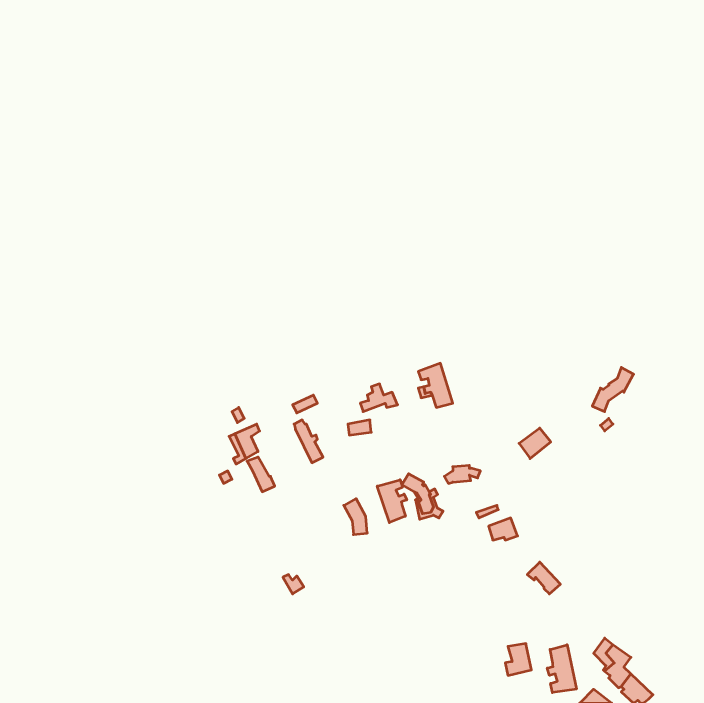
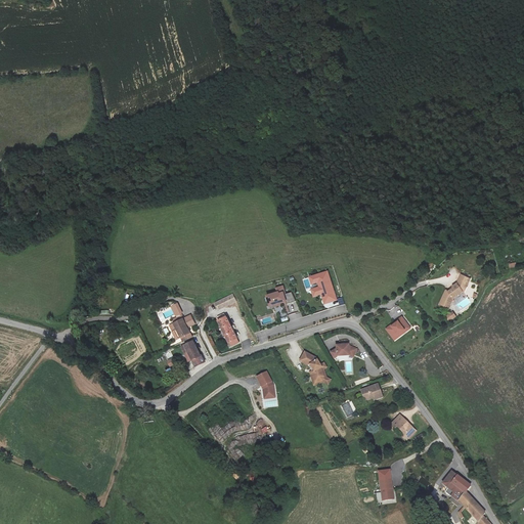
building: [377,480,407,523] -> none
building: [547,645,576,693] -> none

